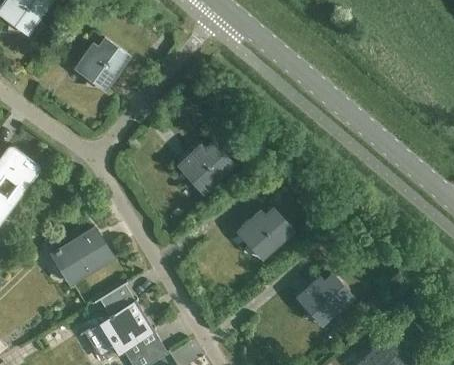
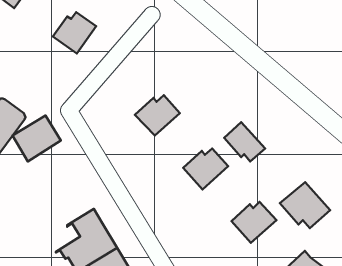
building: none -> [224,122,265,162]
building: [53,229,113,286] -> [13,115,61,161]
building: none -> [280,182,330,228]

